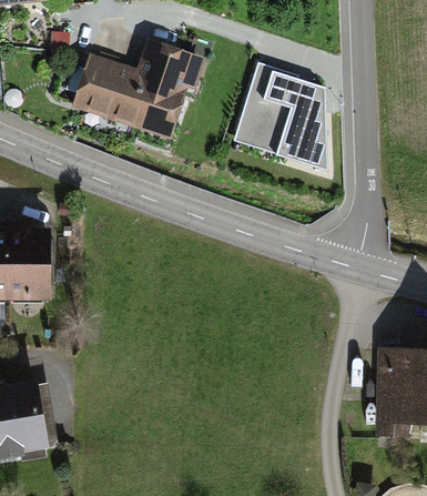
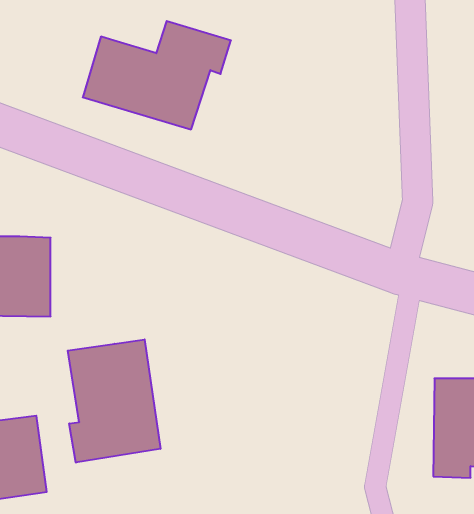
building: [235,68,325,166] -> none
building: none -> [68,339,160,463]

